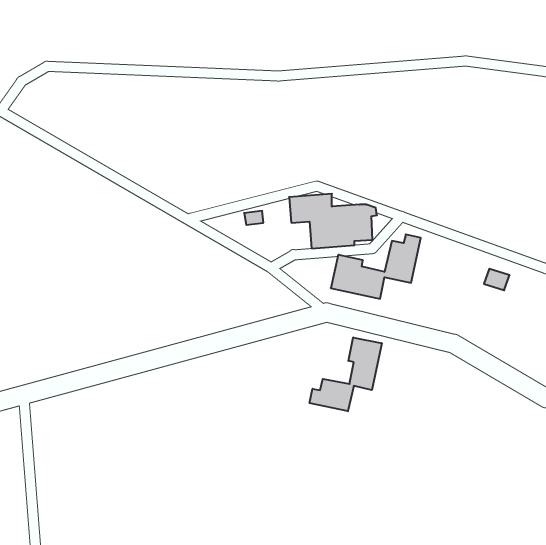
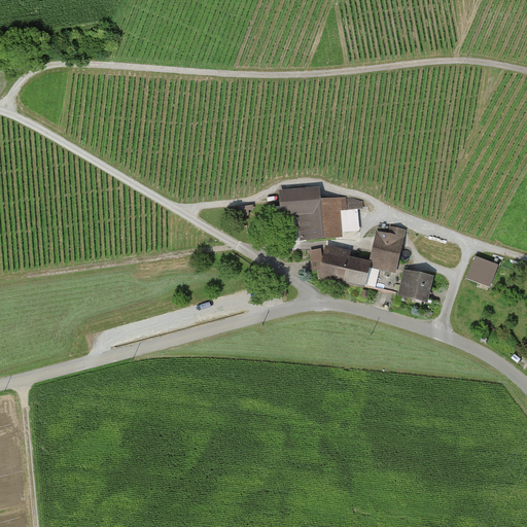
building: none -> [398,269,432,302]
building: [310,337,382,411] -> none

